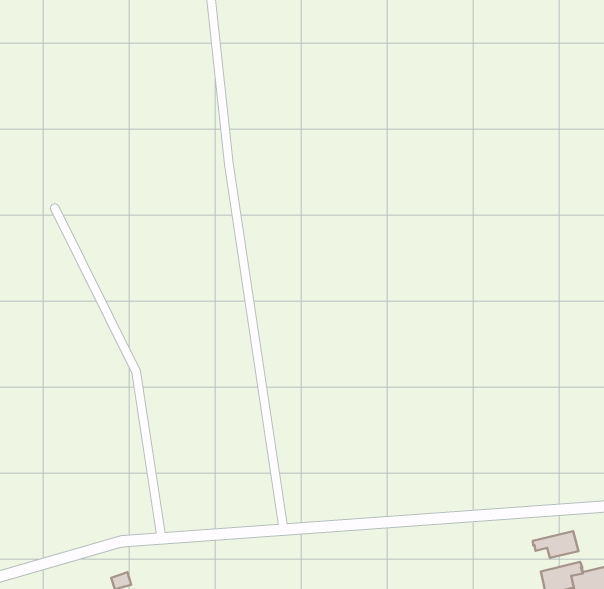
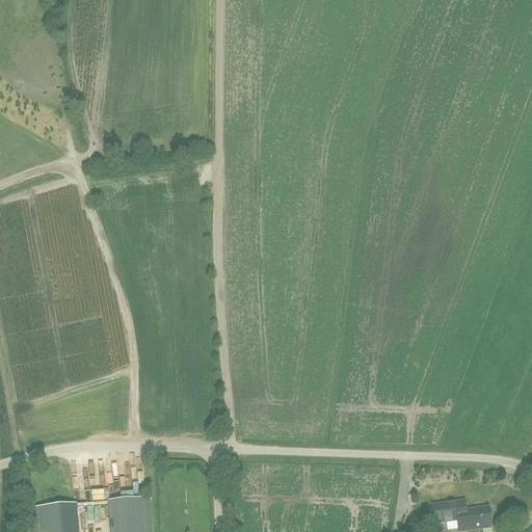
building: [533,531,579,558] -> none

